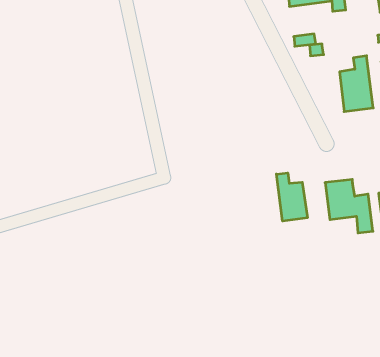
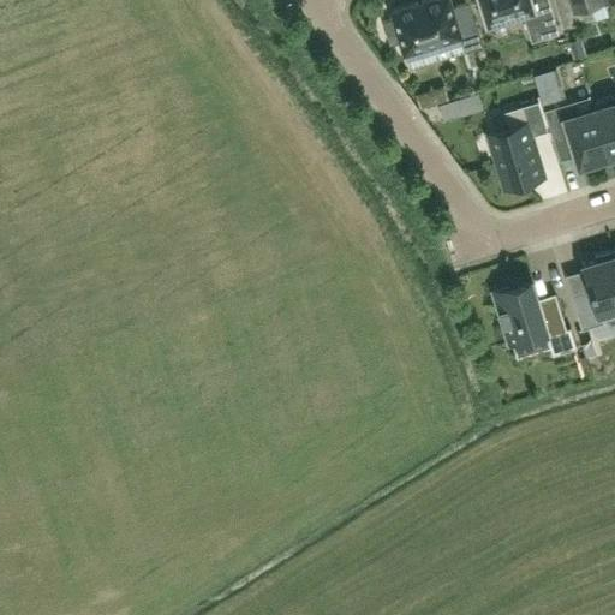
building: [276,173,307,221] -> none

